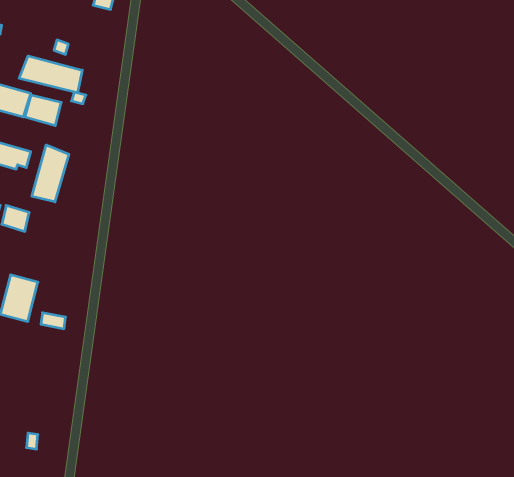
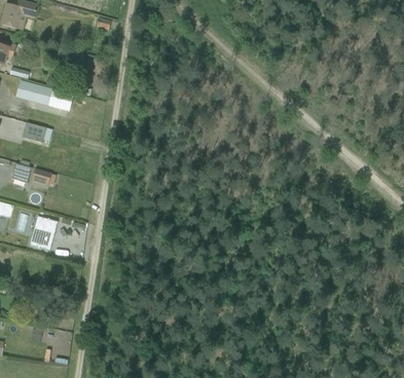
building: [19,56,82,93] -> none
building: [32,145,69,202] -> none

